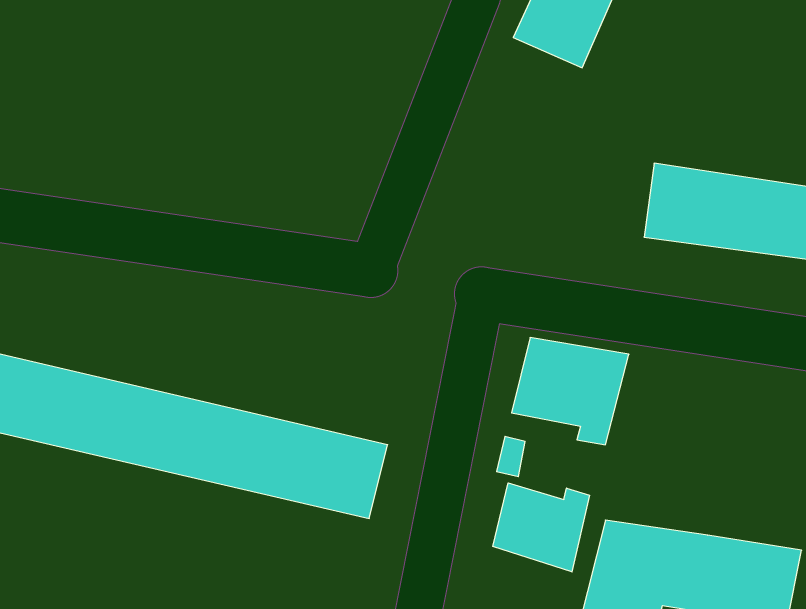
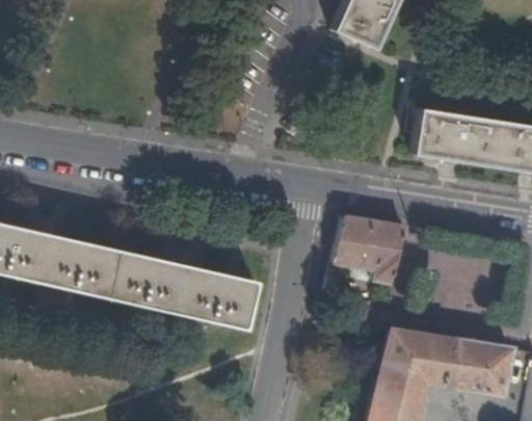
building: [493,483,589,572] -> none

